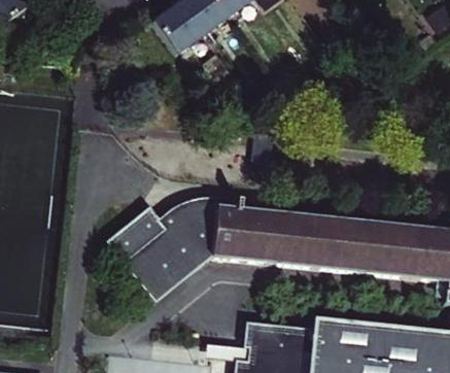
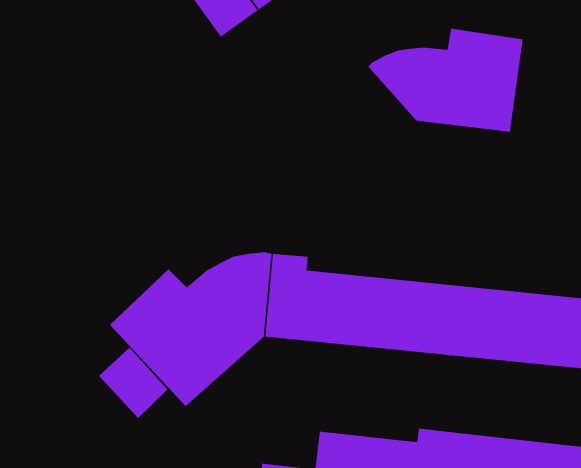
building: none -> [368,28,523,132]
building: none -> [98,347,168,419]

